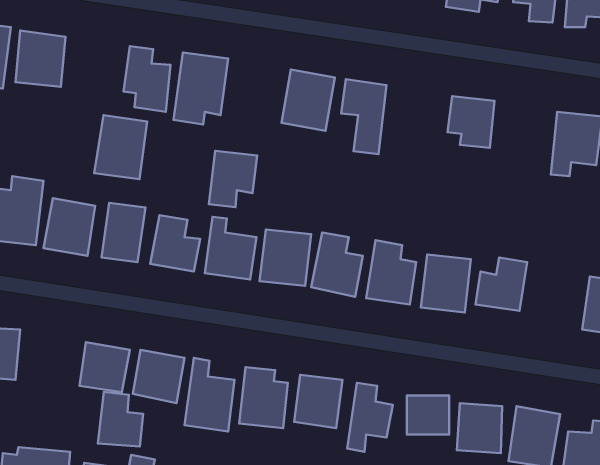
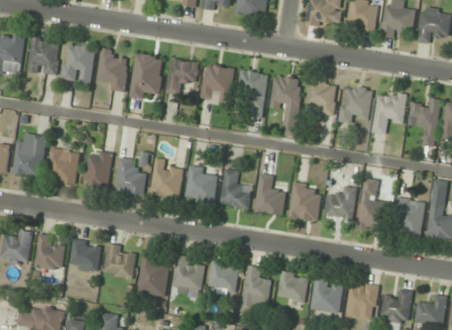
building: none -> [270,75,302,135]
building: none -> [340,86,372,123]
building: [94,115,147,179] -> [62,42,96,84]
building: [209,151,257,207] -> [166,59,198,95]
building: none -> [358,178,386,229]
building: [98,392,143,447] -> [35,233,65,268]

